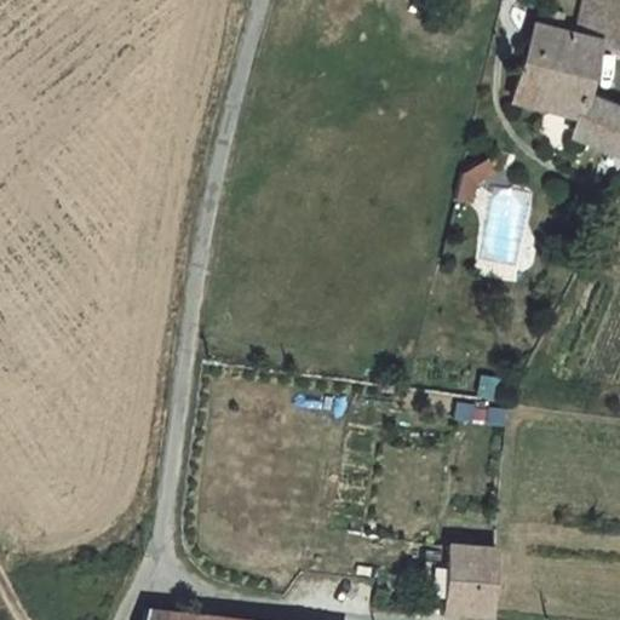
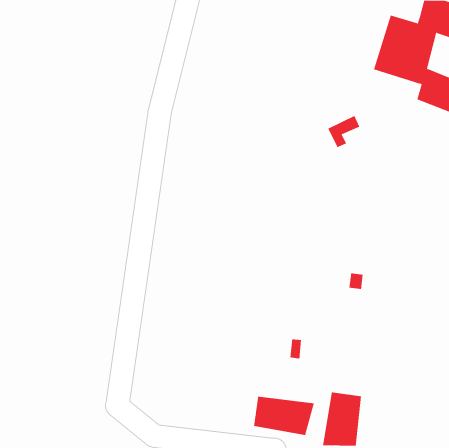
building: none -> [254,396,314,436]

